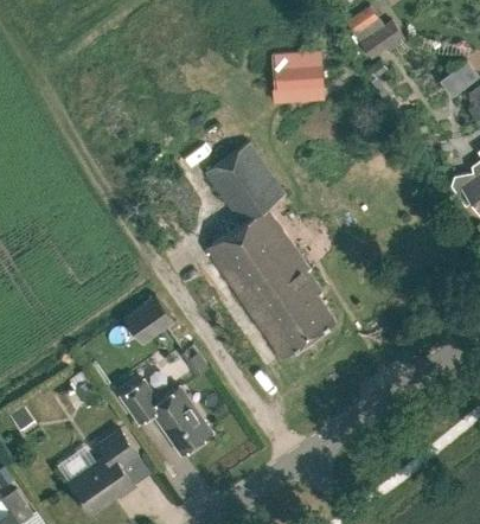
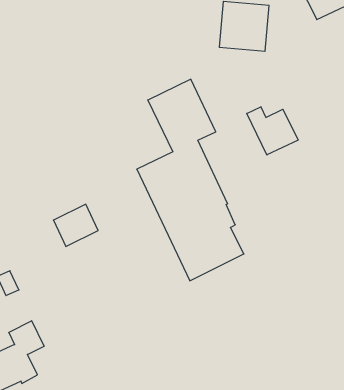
building: none -> [247,107,298,155]
building: [120,379,212,455] -> none

